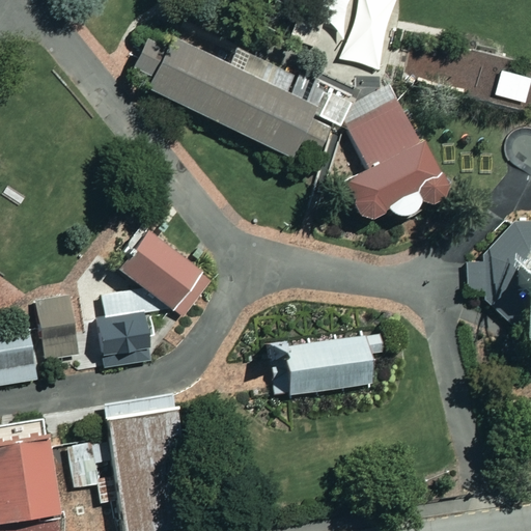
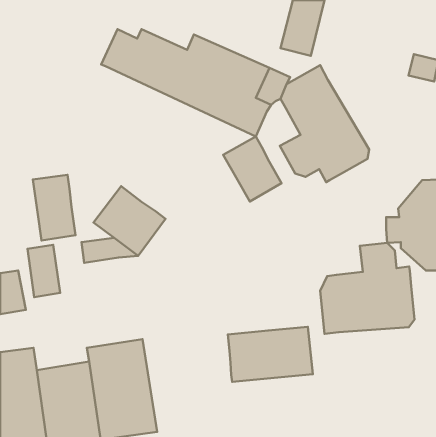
building: none -> [223,137,282,202]
building: none -> [33,175,76,241]
building: none -> [320,243,414,334]
building: [99,313,152,366] -> none
building: [271,331,373,397] -> [228,327,313,382]

